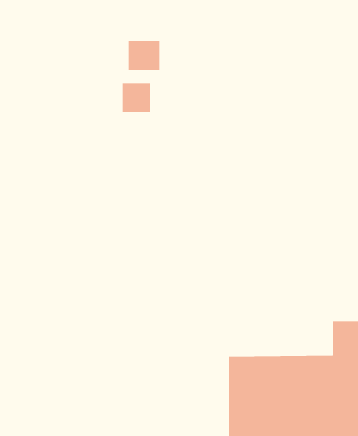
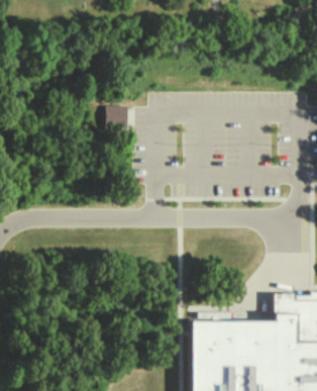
building: [128,40,160,71] -> none

